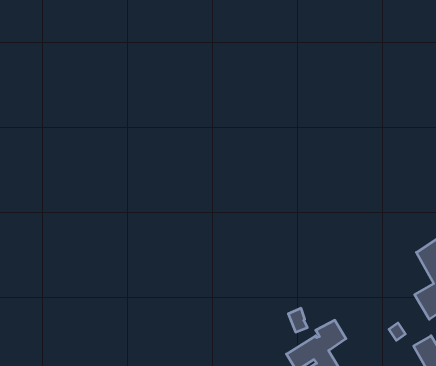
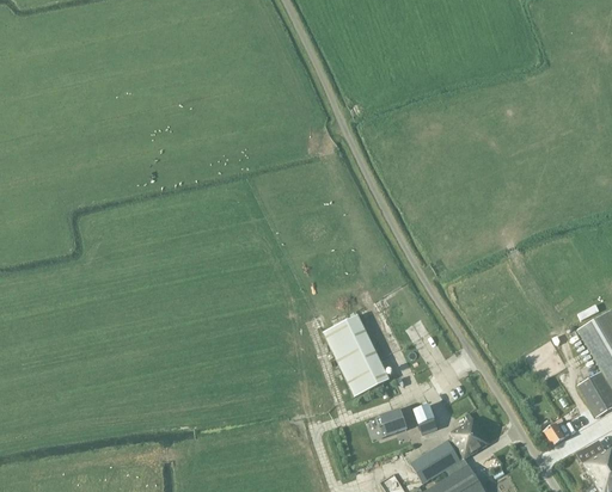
building: none -> [323,314,390,395]
building: none -> [375,407,408,437]

